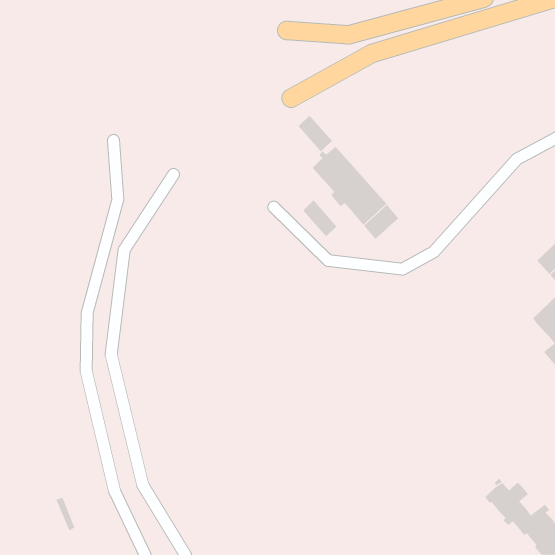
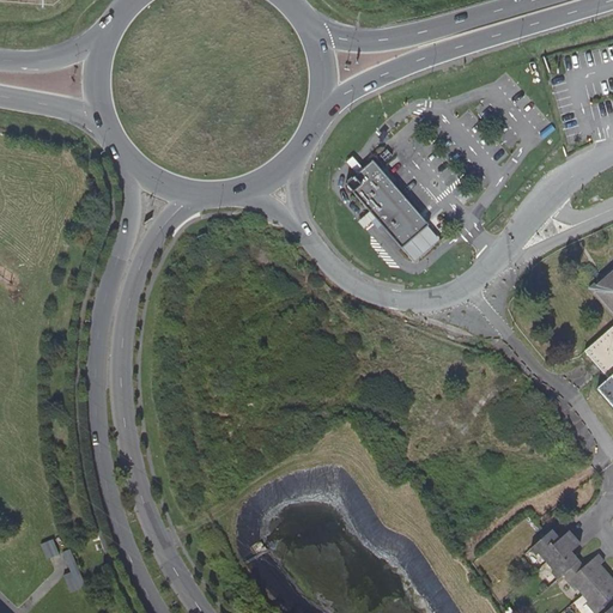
building: [298,115,333,152] -> none
building: [302,200,337,237] -> none

